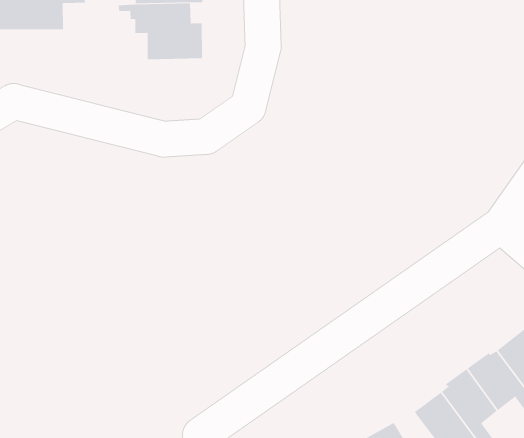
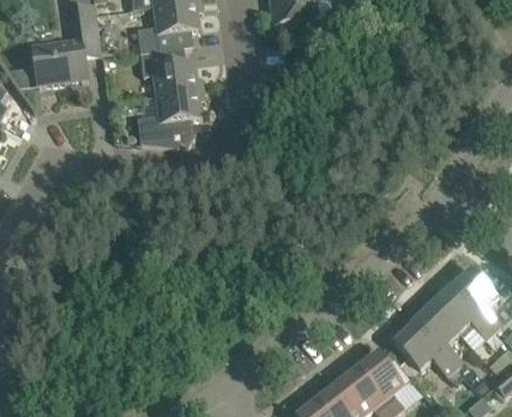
building: none -> [135,87,201,147]

